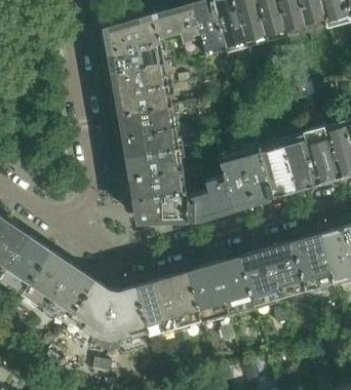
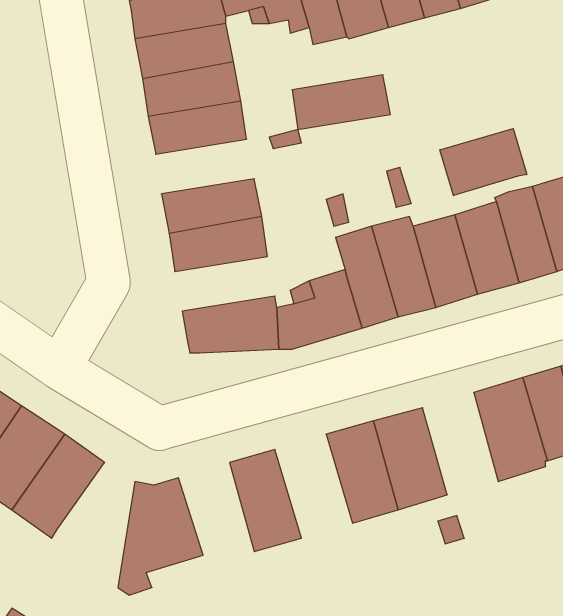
building: none -> [440,129,527,196]
building: [119,105,172,134] -> [292,75,390,130]
building: [129,168,184,198] -> none
building: [264,242,305,298] -> none
building: [184,265,226,321] -> none
building: [66,280,108,348] -> none
building: [131,280,172,337] -> none

